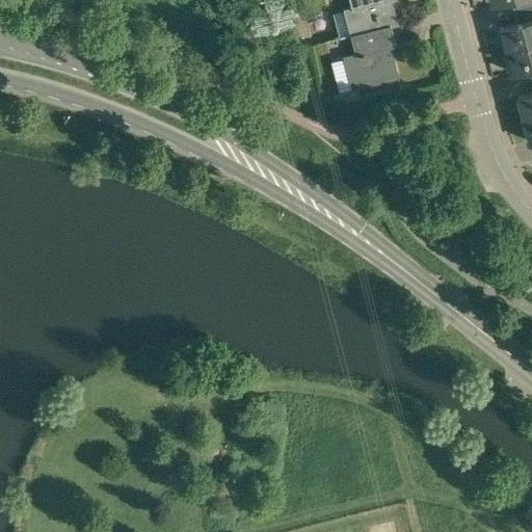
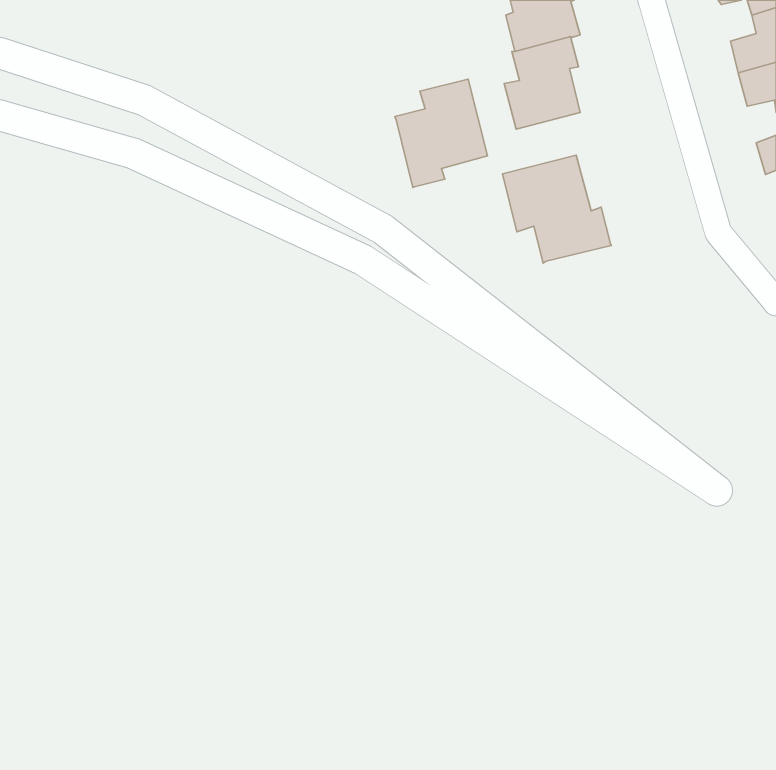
building: none -> [395,79,488,188]
building: none -> [502,155,611,263]

